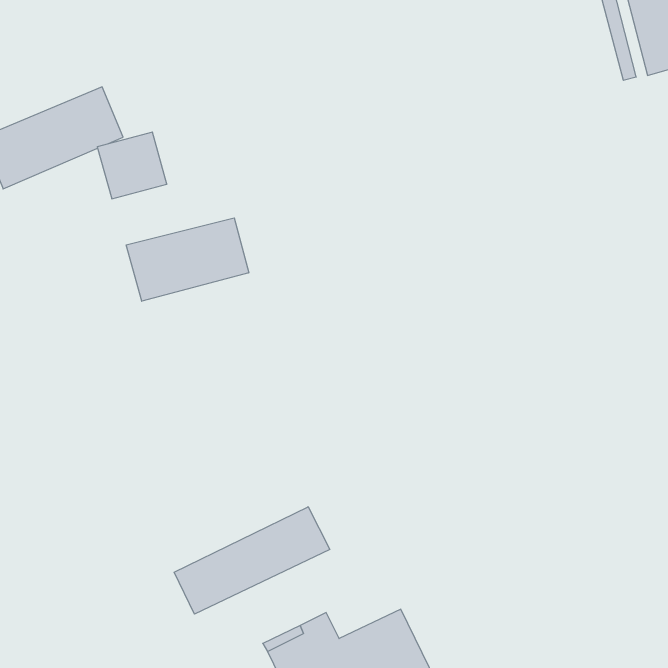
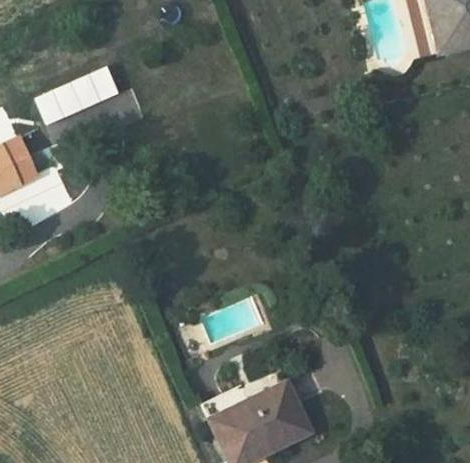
building: [126,218,249,301] -> none
building: [174,507,330,614] -> none

